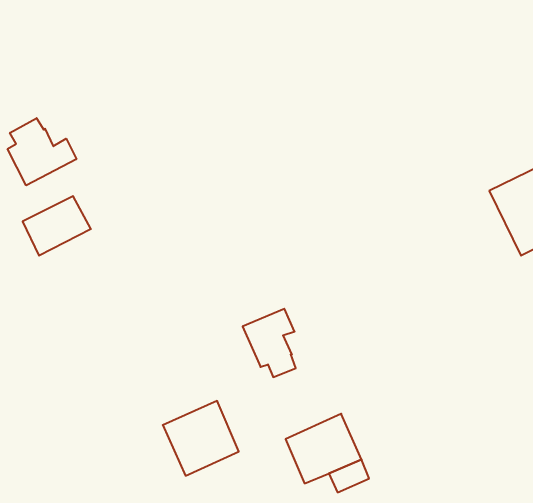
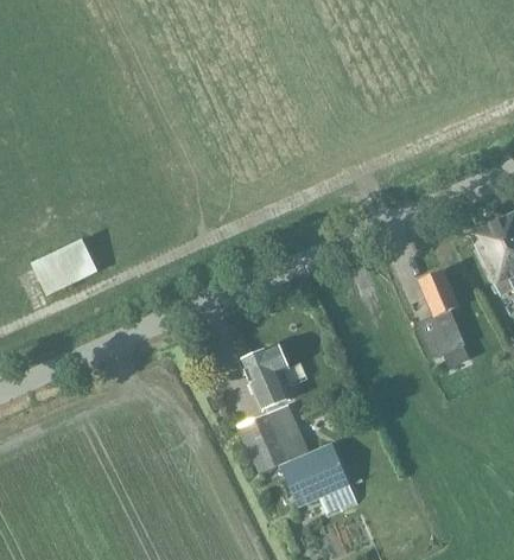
building: [8,118,76,185] -> none
building: none -> [415,271,464,356]
building: [163,401,239,476] -> [239,403,310,473]

